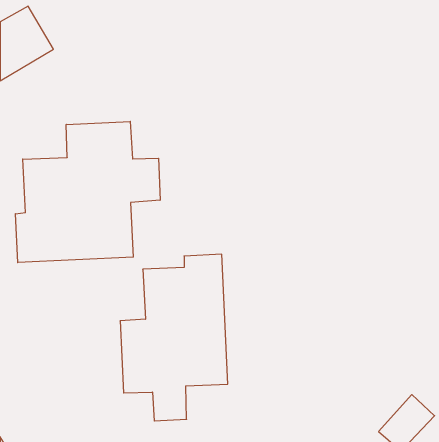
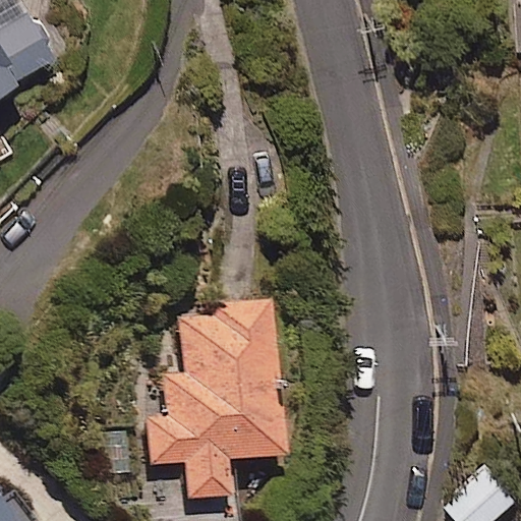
building: [15,121,160,263] -> none

